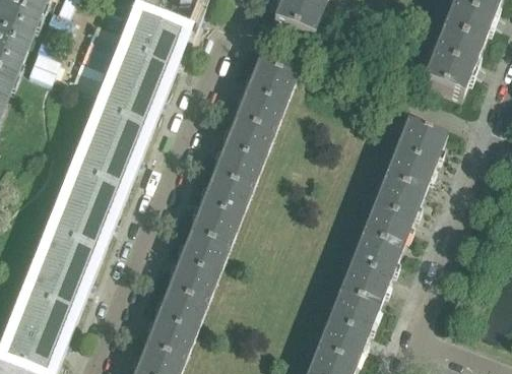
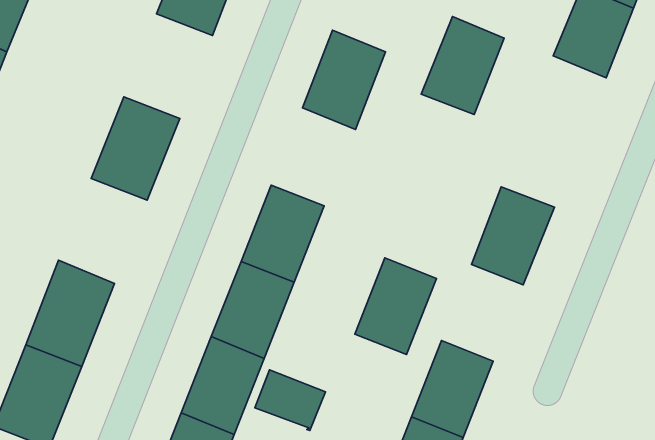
building: [103,47,169,125] -> none
building: [212,117,275,190] -> none
building: [384,118,446,191] -> [421,16,504,114]
building: [54,170,120,248] -> none
building: [339,234,400,306] -> [355,258,436,355]
building: none -> [255,370,325,431]

